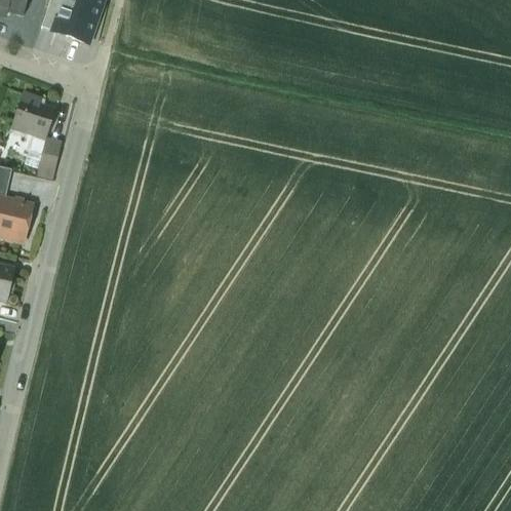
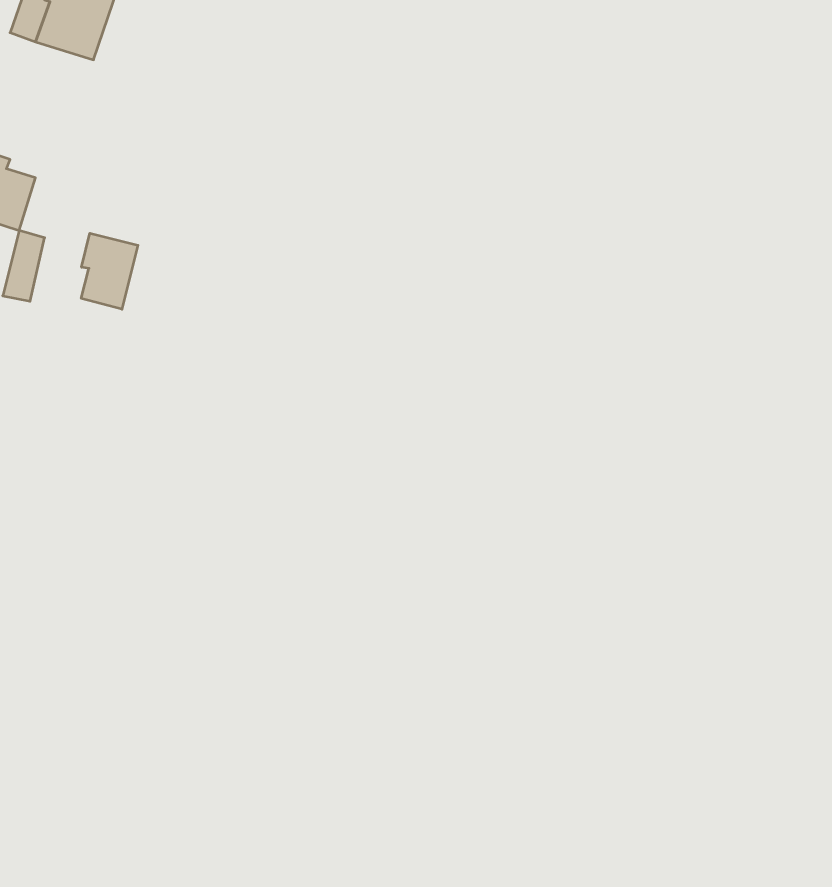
building: none -> [81,233,138,309]

